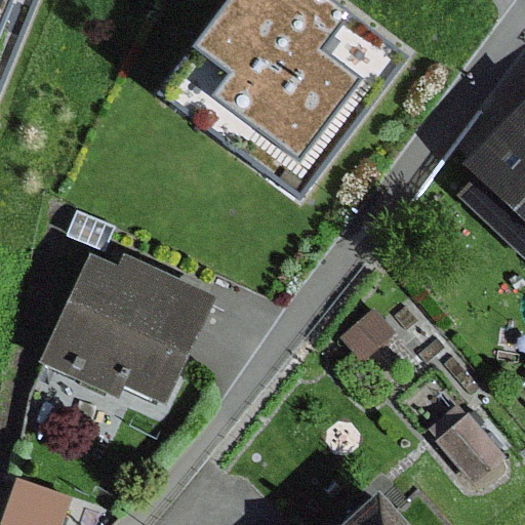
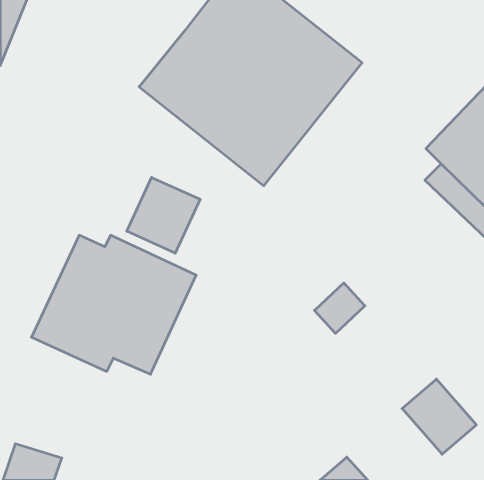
building: none -> [127,177,200,253]

